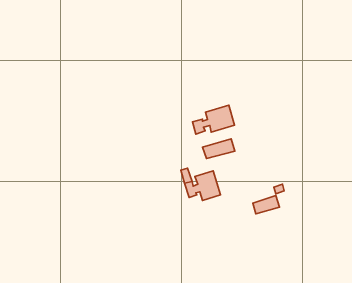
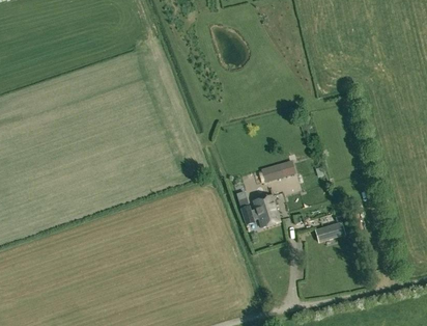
building: [192,105,235,134] -> none

